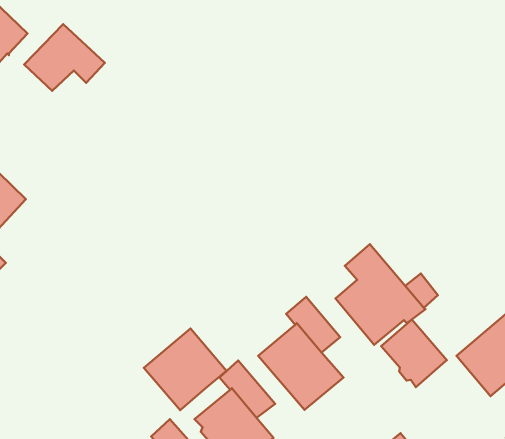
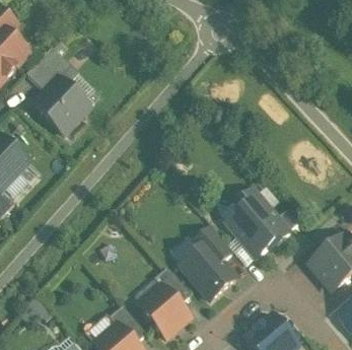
building: none -> [38,77,85,133]
building: [381,319,447,387] -> none
building: [144,329,227,410] -> none

